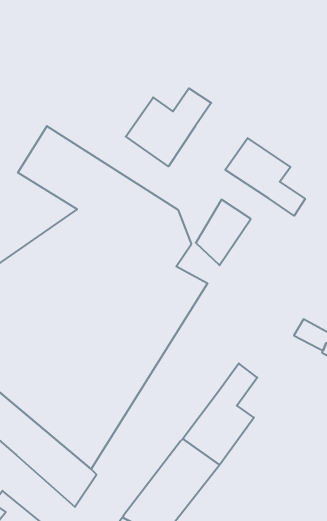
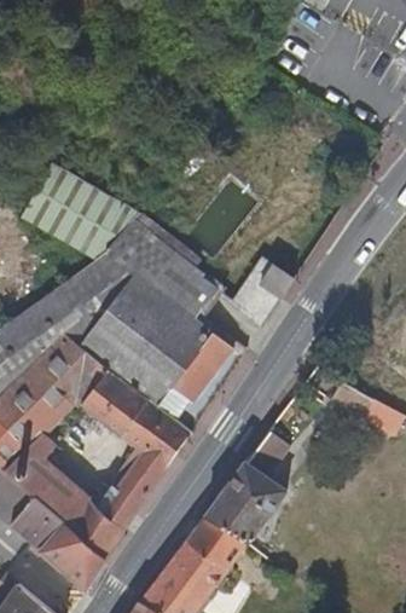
building: [126,88,211,166] -> none
building: [225,138,305,216] -> none

